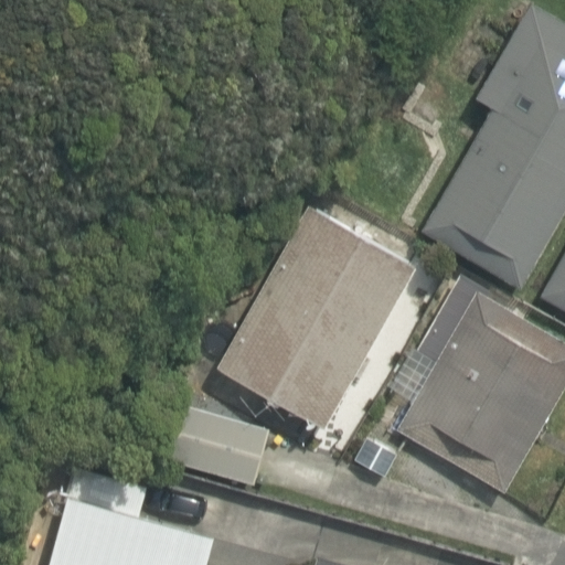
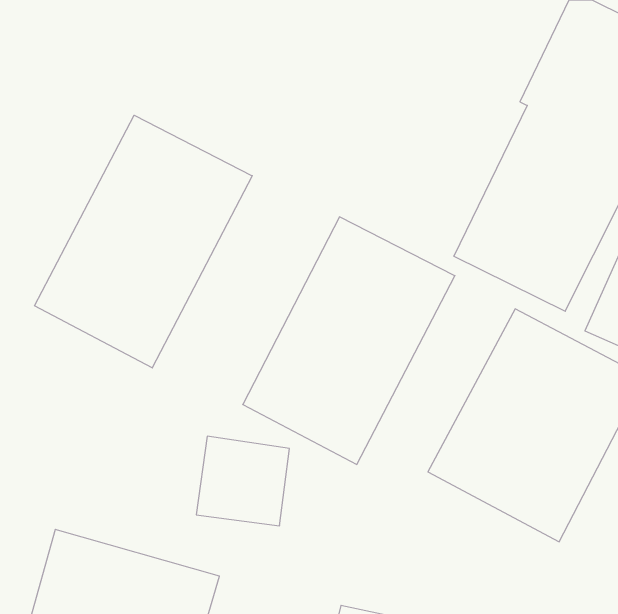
building: none -> [35,115,252,368]

